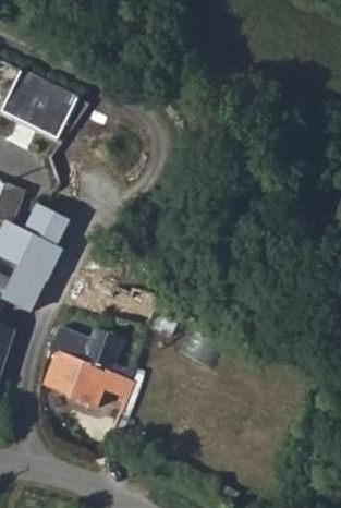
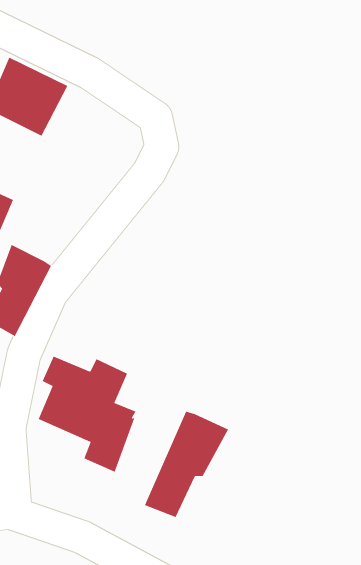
building: [24,206,64,245] -> none
building: none -> [144,411,229,518]

